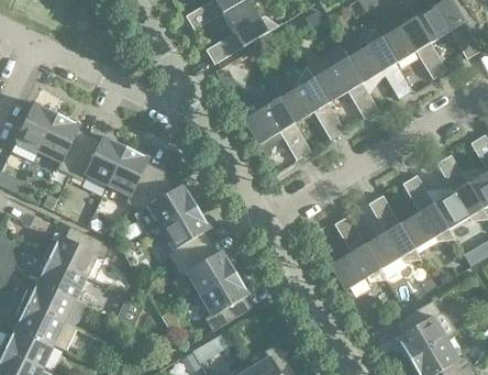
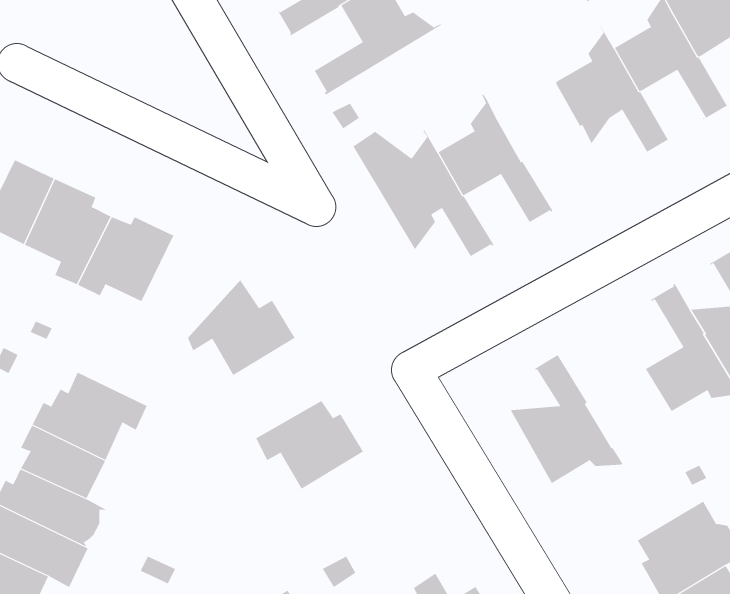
building: [307,44,379,120] -> none
building: [107,146,164,206] -> none
building: [364,195,422,269] -> none
building: [159,206,211,264] -> none
building: [199,272,251,331] -> none

